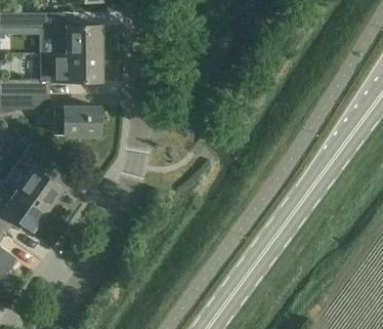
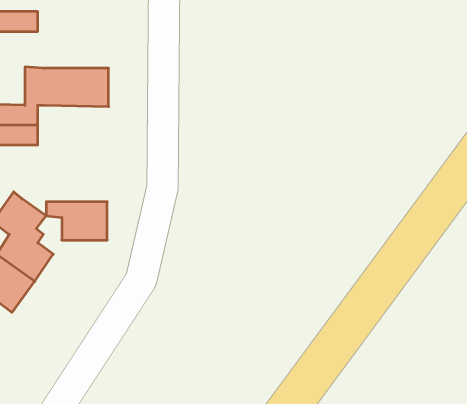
building: [53,27,100,55] -> none
building: [54,110,98,137] -> [46,202,107,240]

